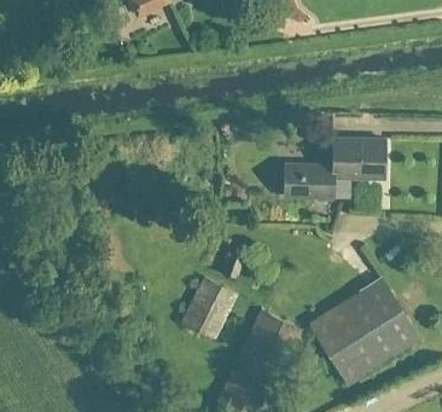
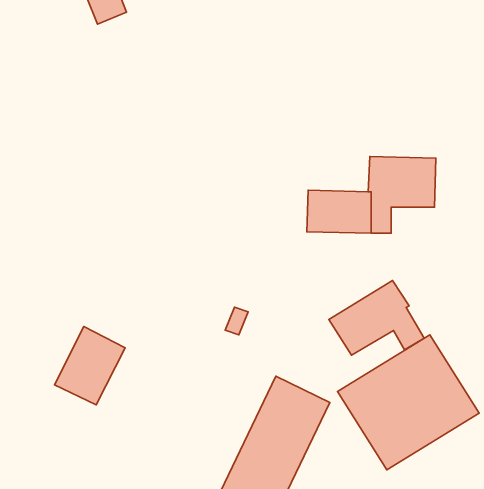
building: none -> [329,280,424,355]
building: [180,278,235,340] -> [55,326,125,405]

